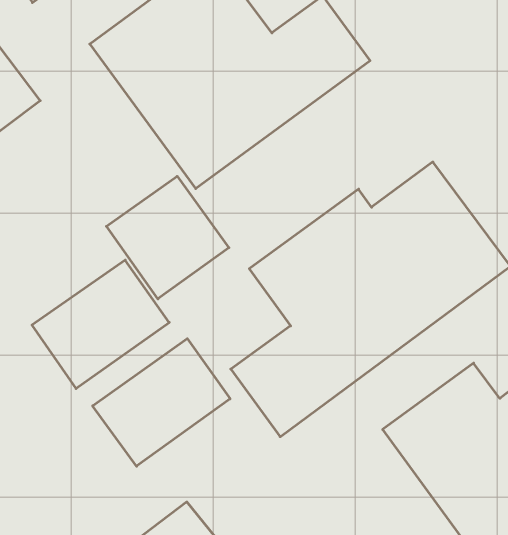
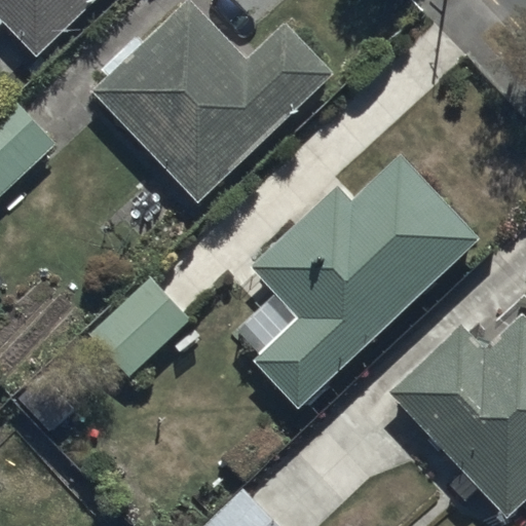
building: [106,176,229,299] -> none
building: [93,339,230,466] -> none

